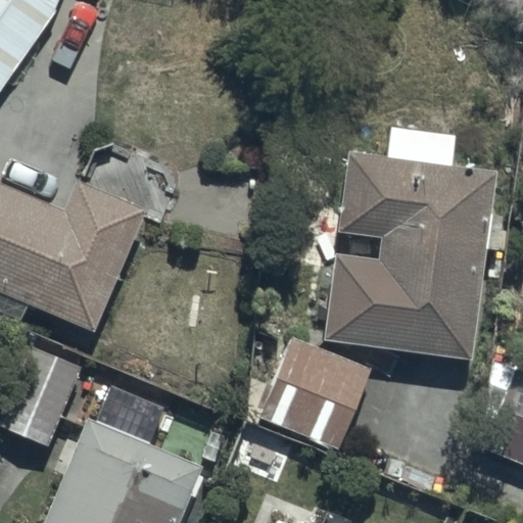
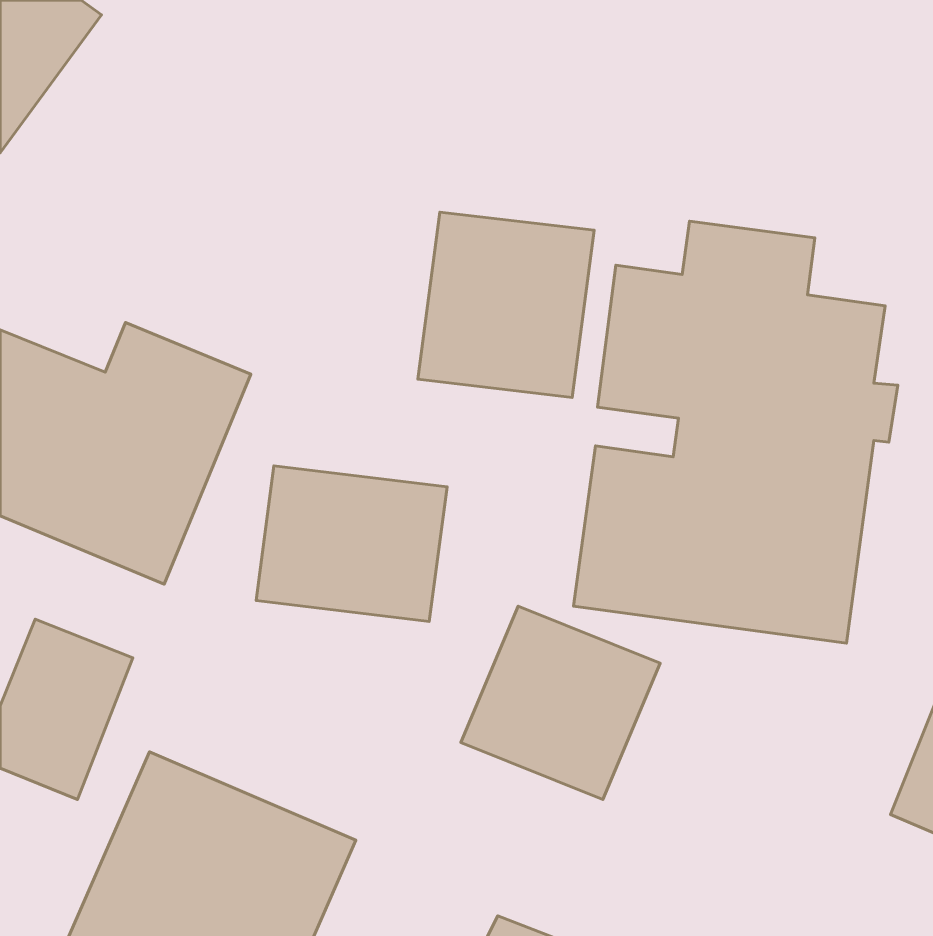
building: none -> [418,212,594,397]
building: none -> [256,466,447,621]

